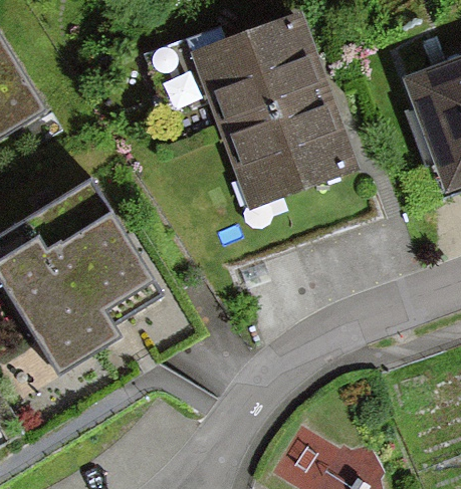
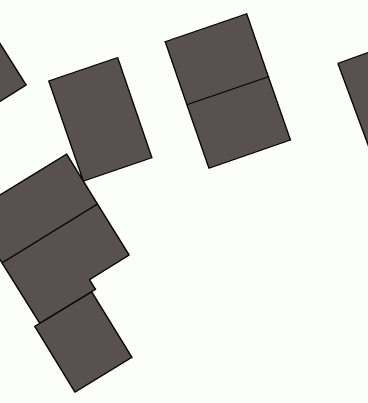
building: none -> [49,58,152,181]
building: none -> [35,292,132,392]

